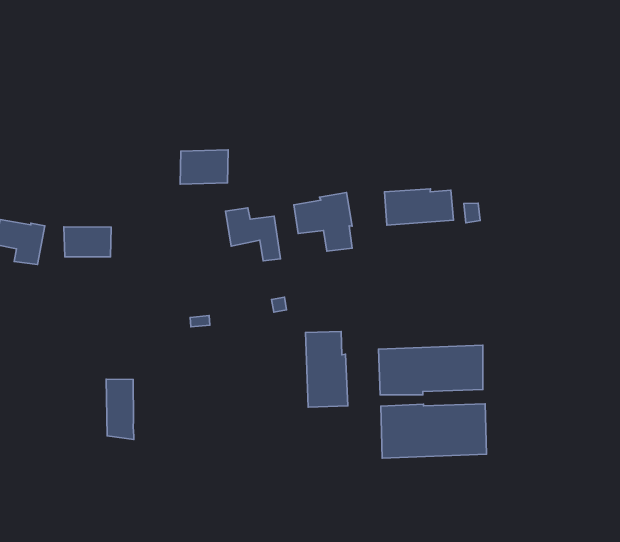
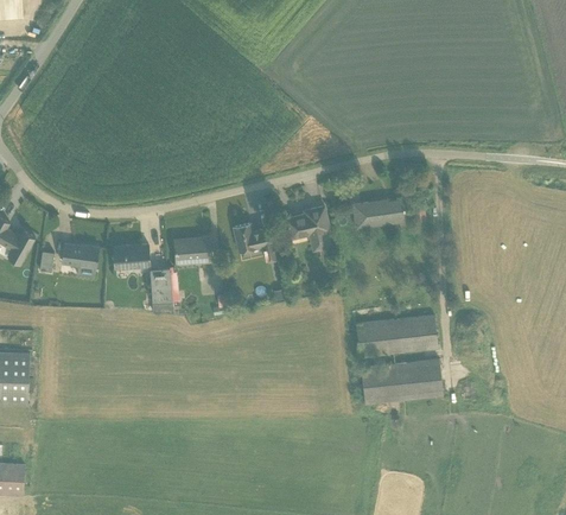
building: [180,150,228,184] -> [173,235,210,263]
building: [305,331,348,407] -> none
building: [106,379,134,439] -> [148,266,172,311]

